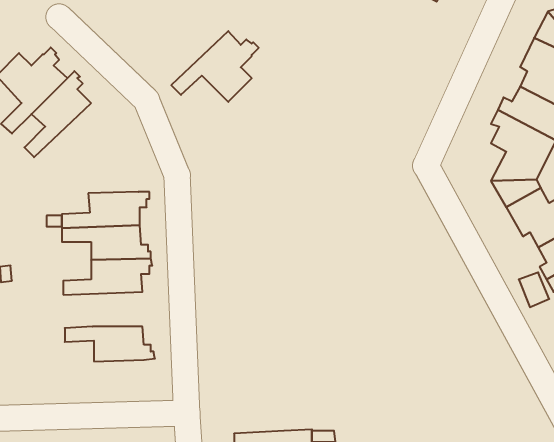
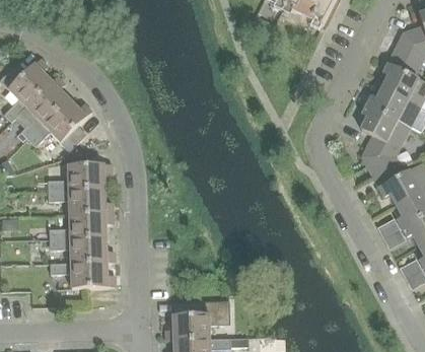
building: [171,31,259,102] -> [27,99,91,151]
building: none -> [49,237,115,263]
building: none -> [165,301,230,341]

